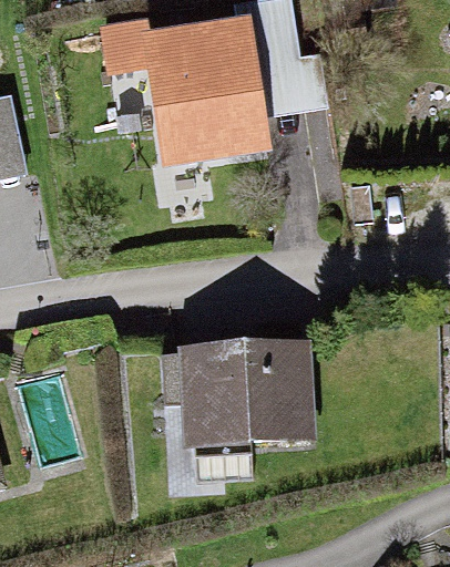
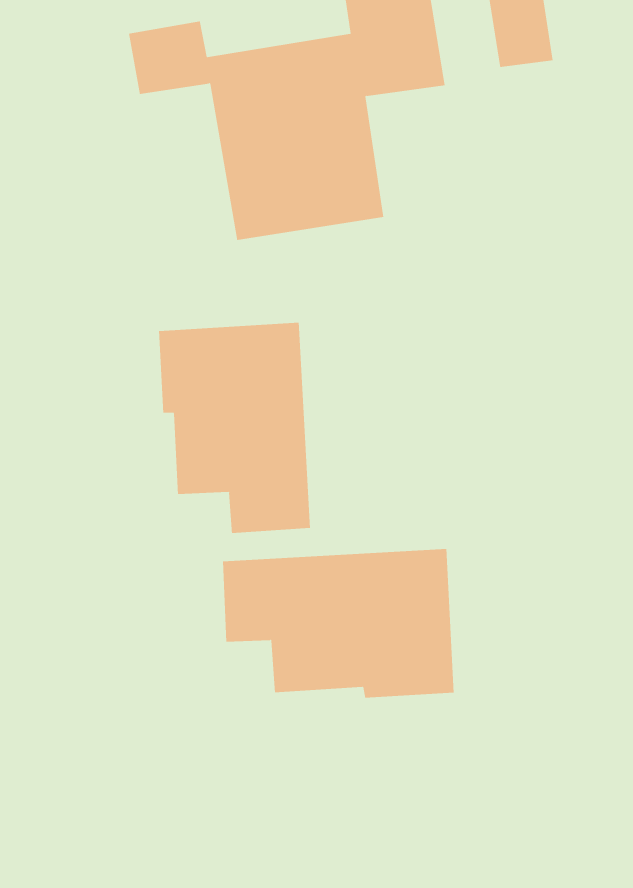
building: none -> [159,322,311,534]

